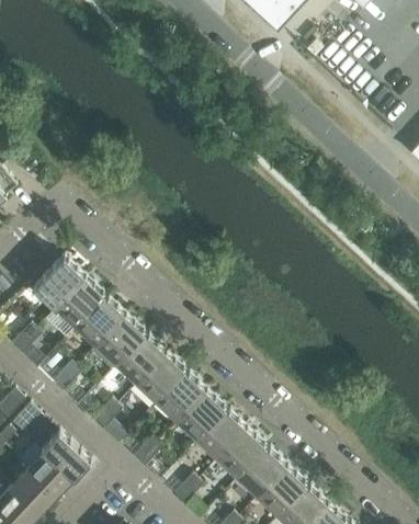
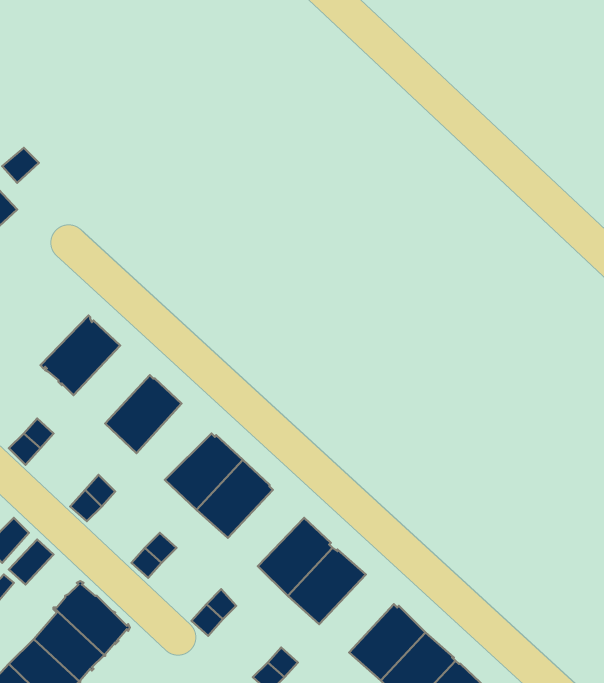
building: [54,276,104,328] -> none
building: [90,315,145,371] -> none
building: [156,372,206,422] -> none
building: [216,428,265,479] -> none

